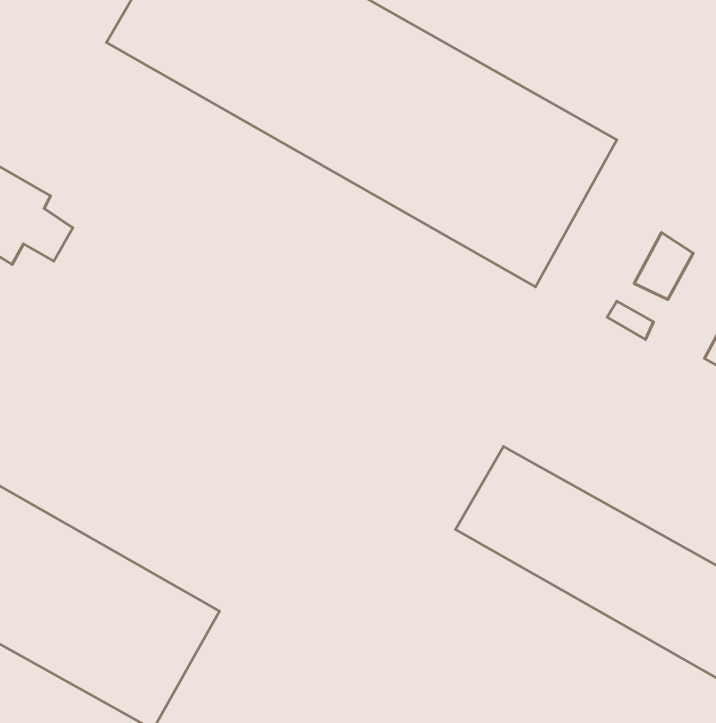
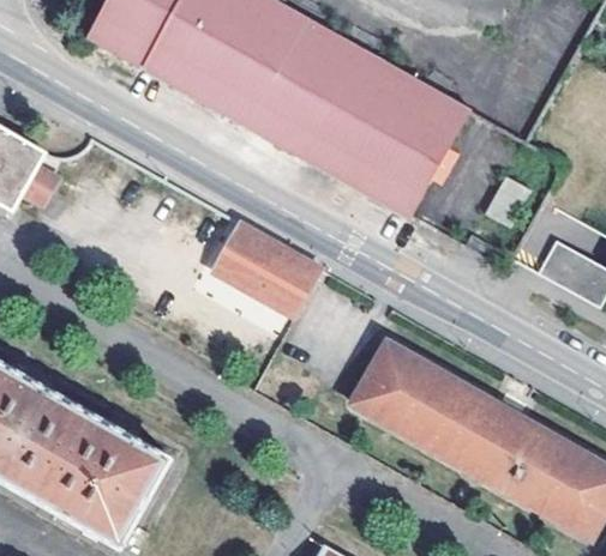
building: none -> [214,222,319,314]

